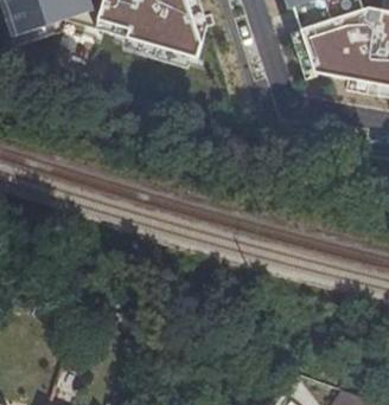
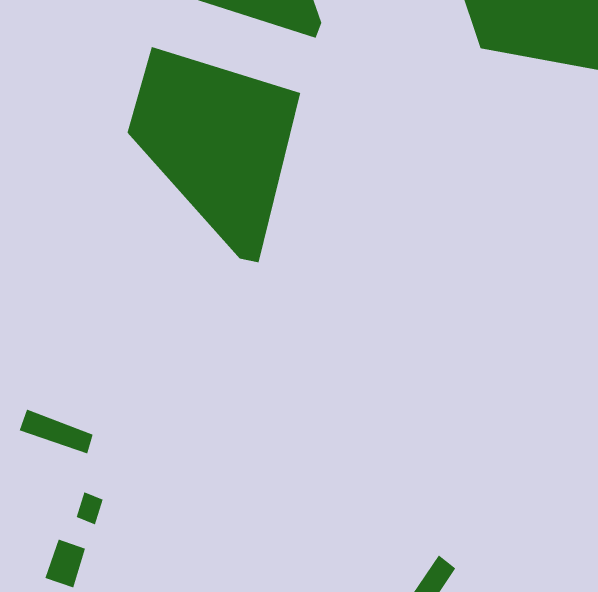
building: none -> [127,46,301,263]

